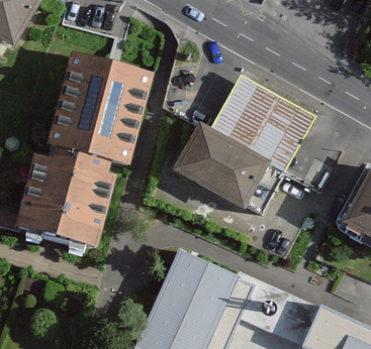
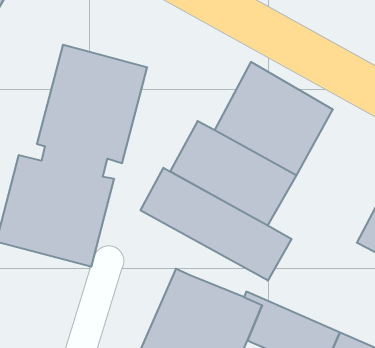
building: none -> [141,168,292,281]

